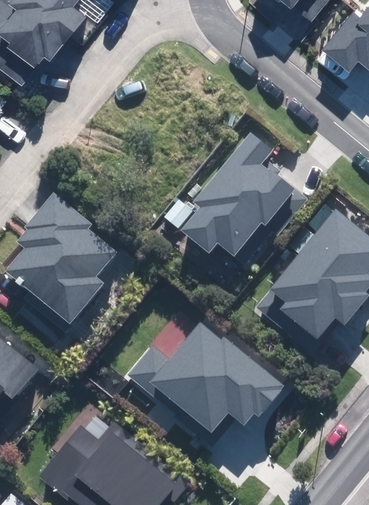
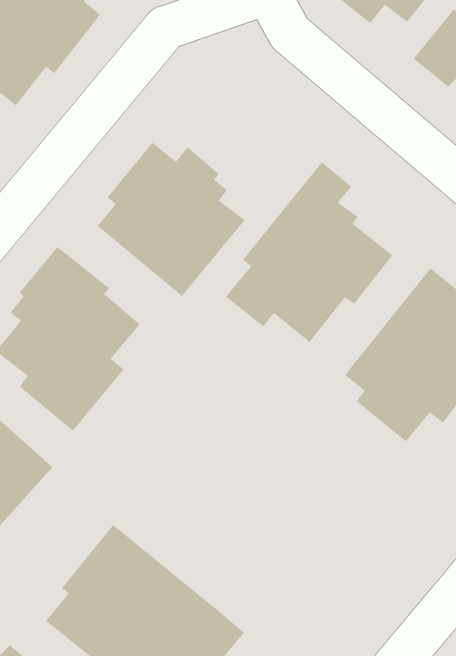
building: none -> [97,142,245,297]
building: [128,314,297,451] -> none

